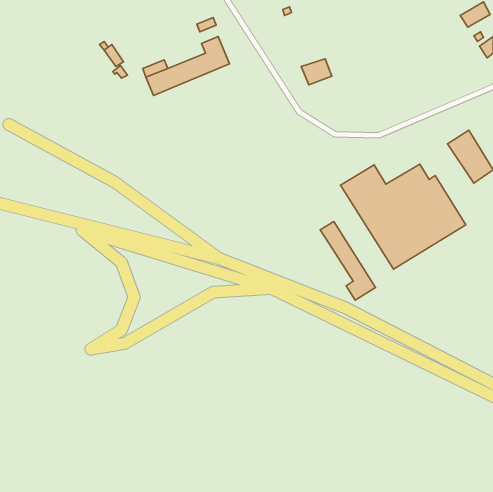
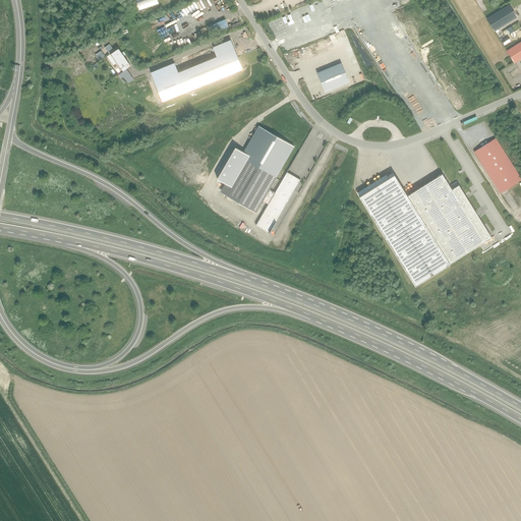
building: none -> [219,126,301,233]
building: [320,221,376,300] -> none

